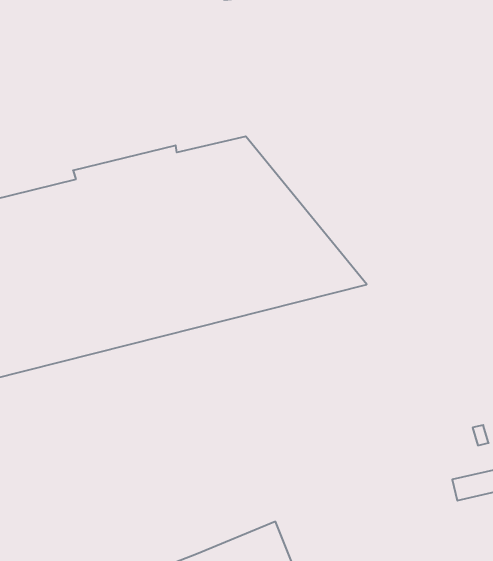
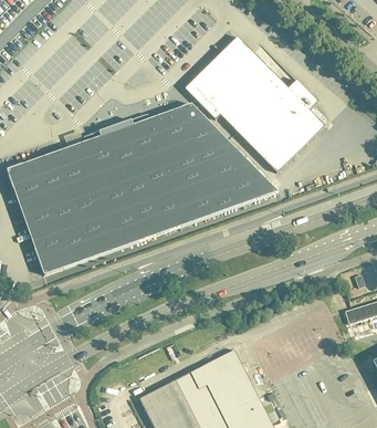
building: none -> [189,35,324,171]

